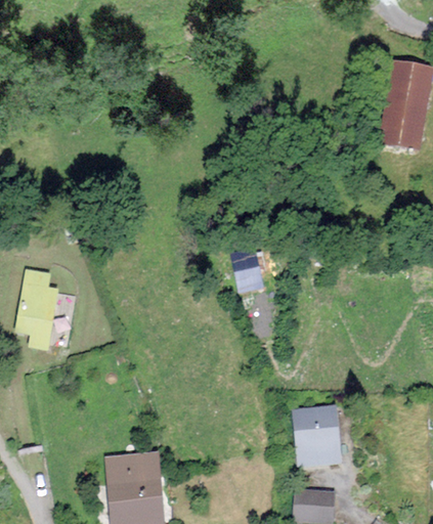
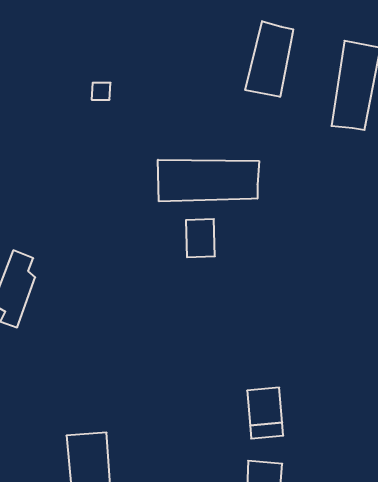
building: none -> [245,21,293,97]
building: none -> [158,160,259,201]

